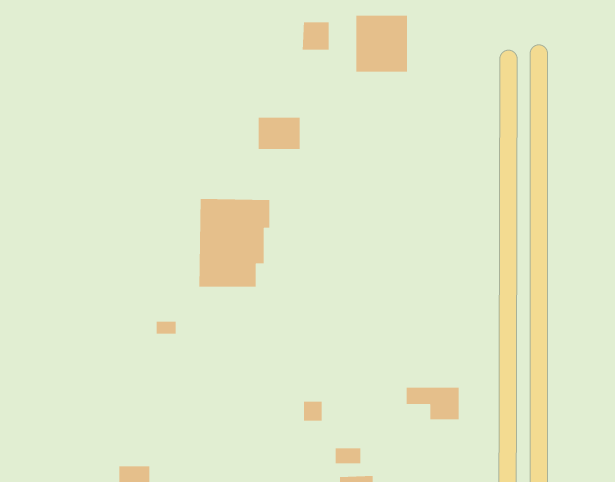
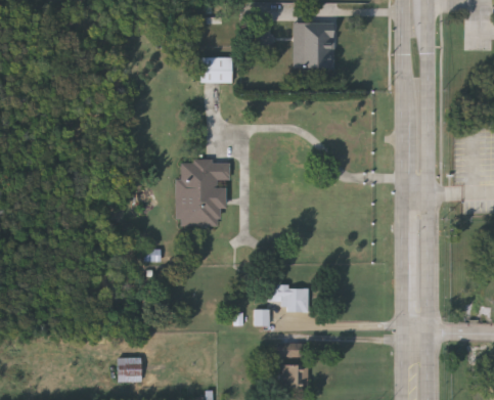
building: [258,117,300,150] -> [200,56,232,81]
building: [406,387,460,420] -> [268,286,308,311]

